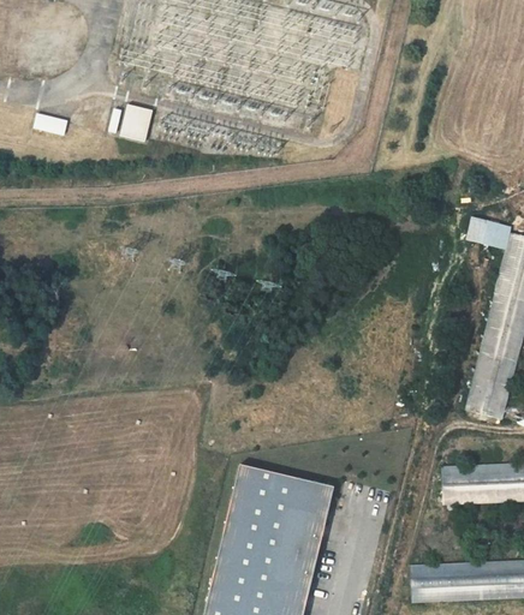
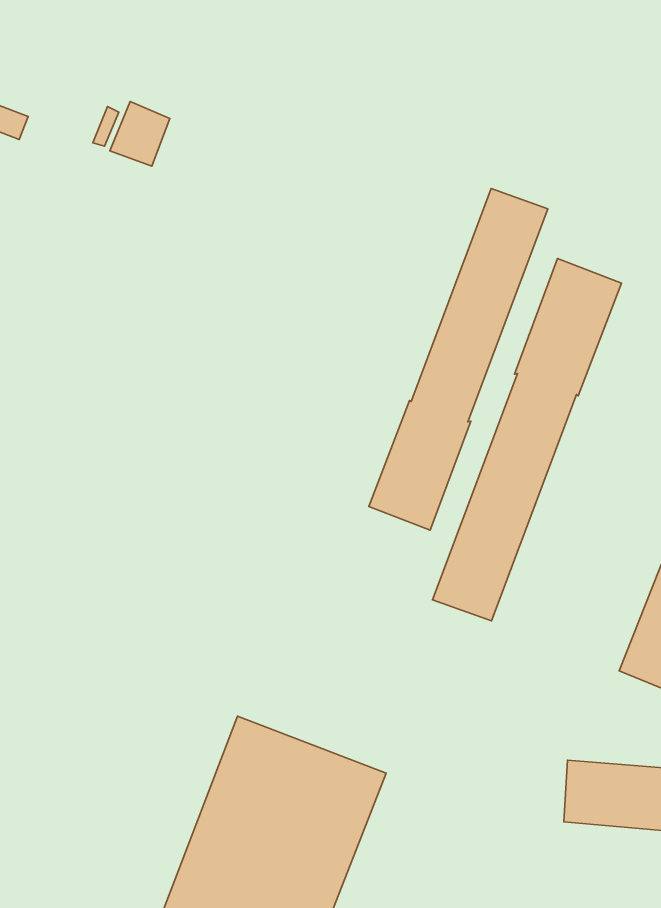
building: none -> [369,188,548,530]
building: none -> [432,258,622,621]

